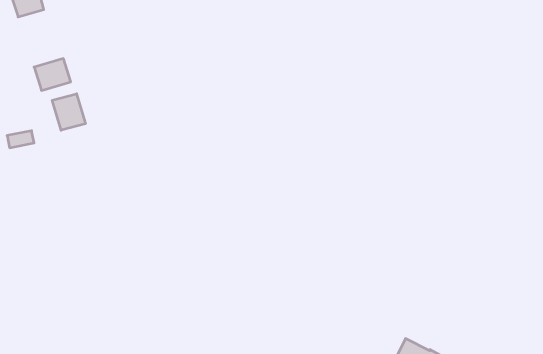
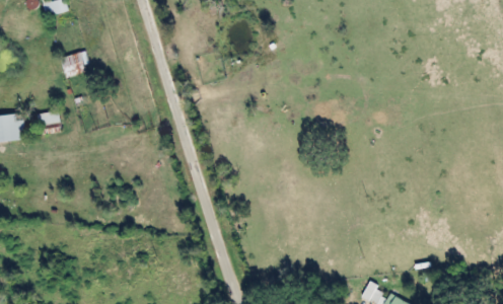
building: [52,94,85,130] -> none

